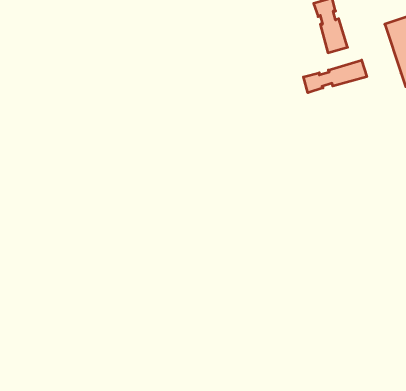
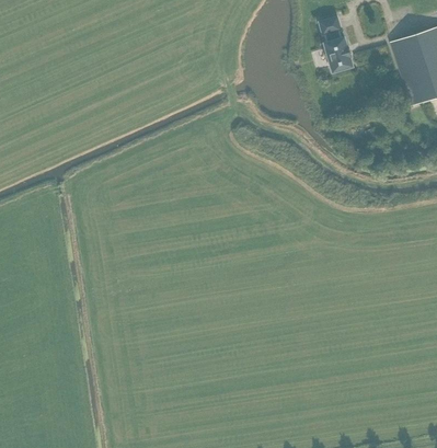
building: [303,60,367,93] -> none

